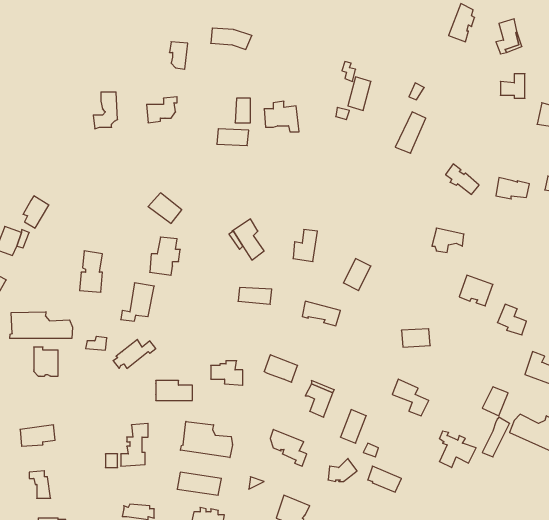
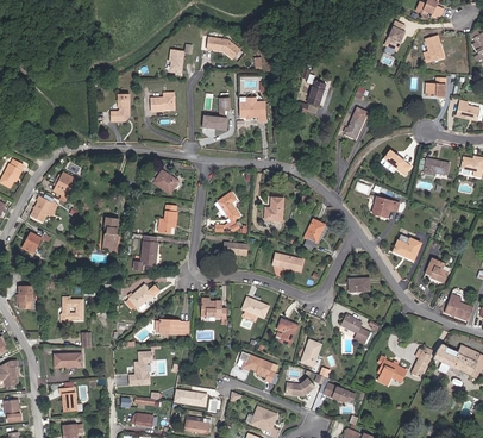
building: [10,312,73,338] -> none
building: [180,421,232,458] -> none

